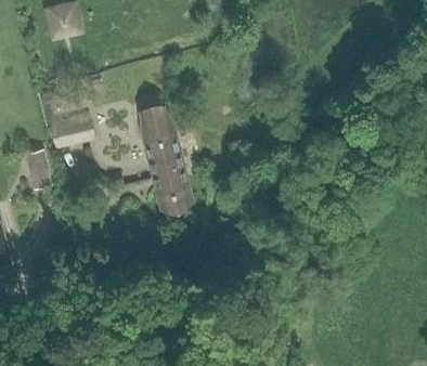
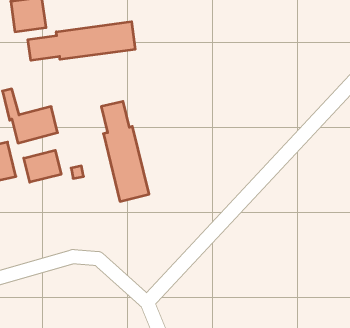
building: none -> [28,22,135,60]
building: none -> [24,150,61,182]

